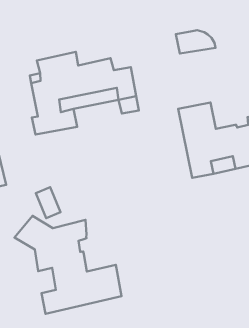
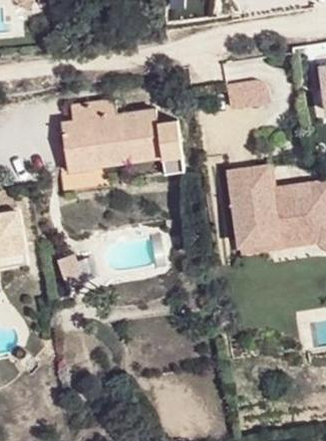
building: [15,216,122,314] -> none

